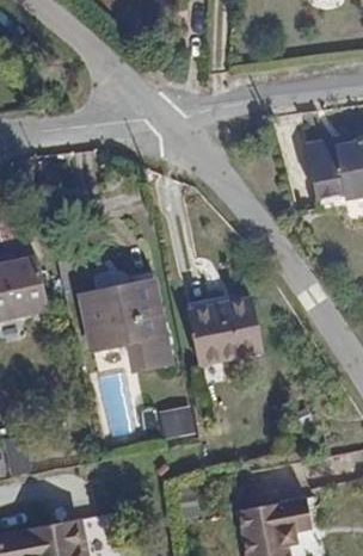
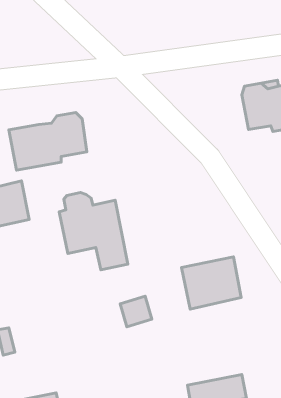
building: none -> [9,112,87,170]
building: [189,299,263,364] -> [181,257,241,309]

